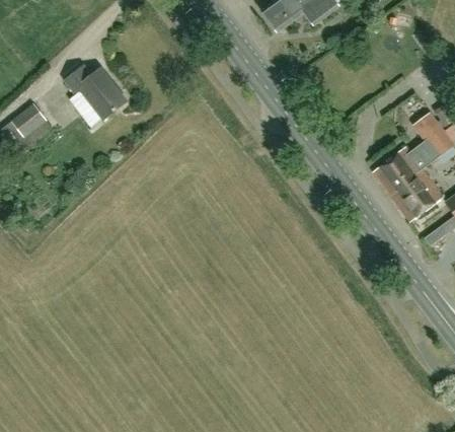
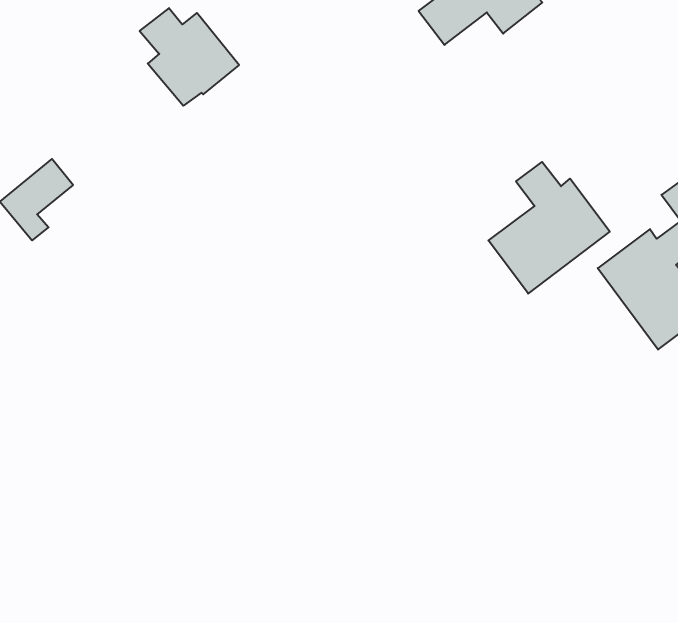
building: [65,65,127,126] -> [140,8,239,106]
building: none -> [488,162,610,294]

